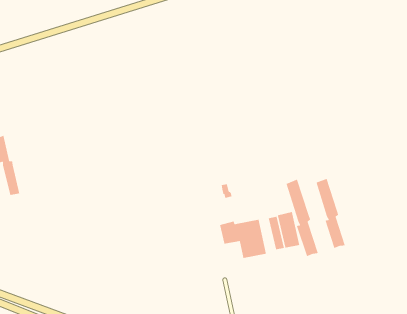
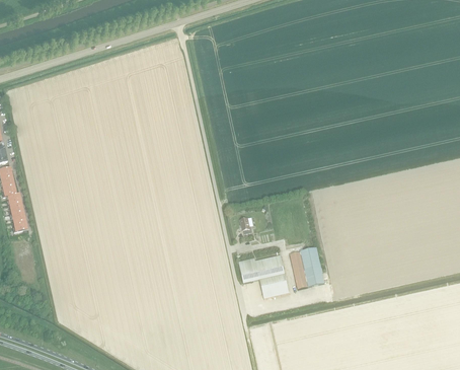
building: [316,178,346,250] -> none
building: [285,179,319,259] -> none

